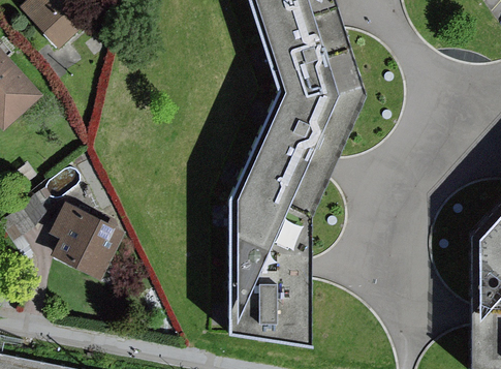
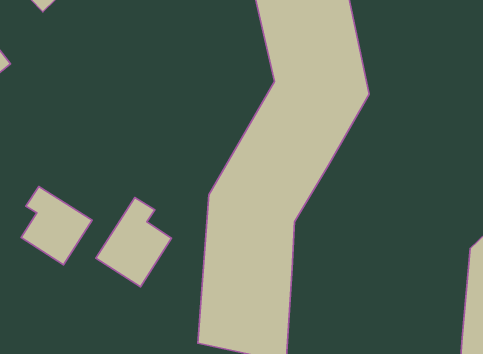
building: none -> [96,198,171,287]

